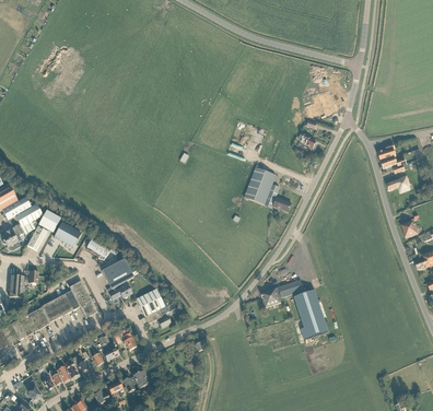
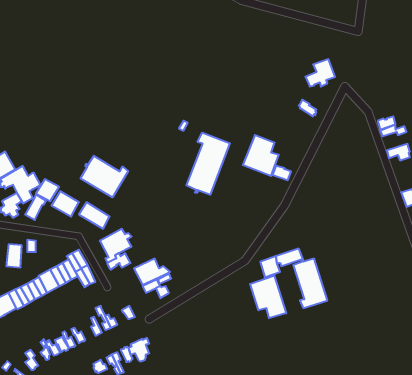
building: none -> [186,133,230,195]
building: none -> [81,156,128,197]
building: none -> [250,275,286,318]

